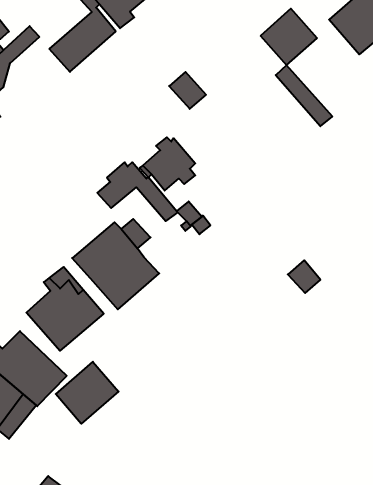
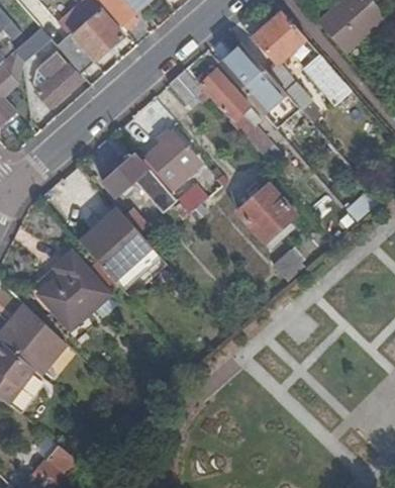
building: none -> [225,45,275,99]
building: none -> [35,52,80,106]
building: none -> [305,56,351,104]
building: none -> [200,68,270,154]
building: none -> [237,184,295,241]
building: [56,362,119,424] -> none

